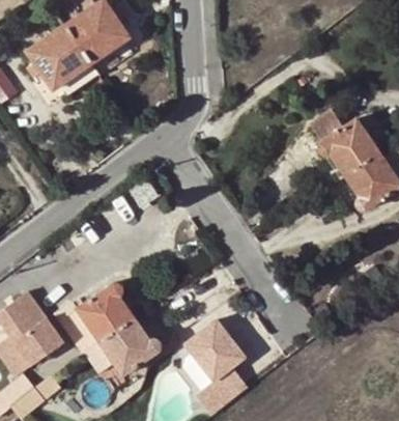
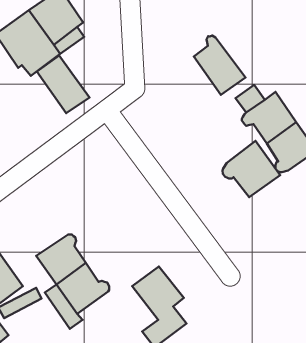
building: none -> [194,36,246,95]
building: none -> [37,55,90,113]
building: none -> [223,141,280,197]

